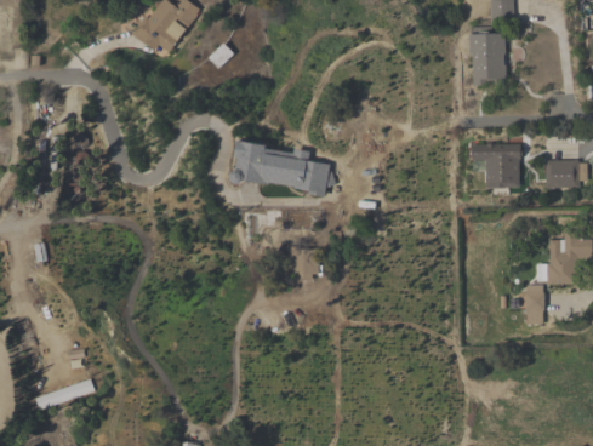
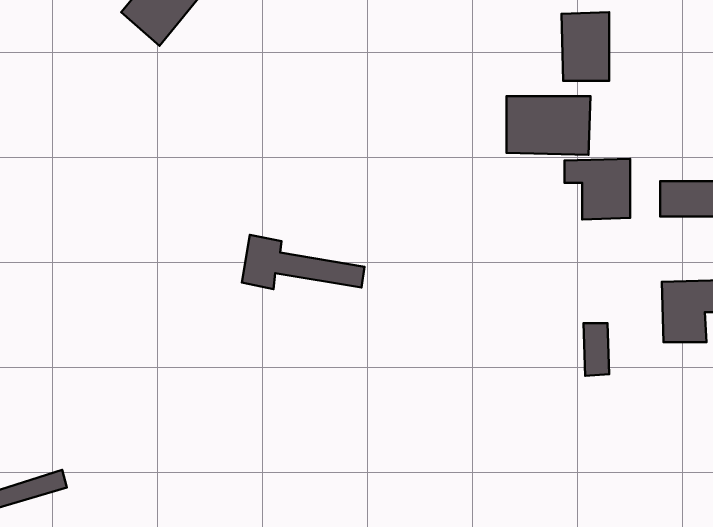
building: none -> [507,96,590,155]
building: [234,142,327,183] -> [242,235,365,289]
building: [525,284,544,324] -> [584,323,609,376]

